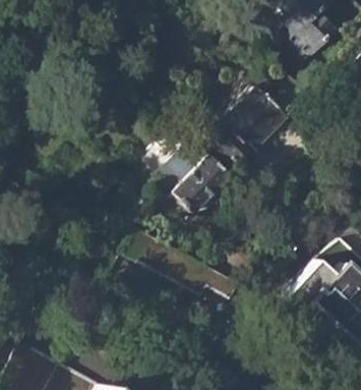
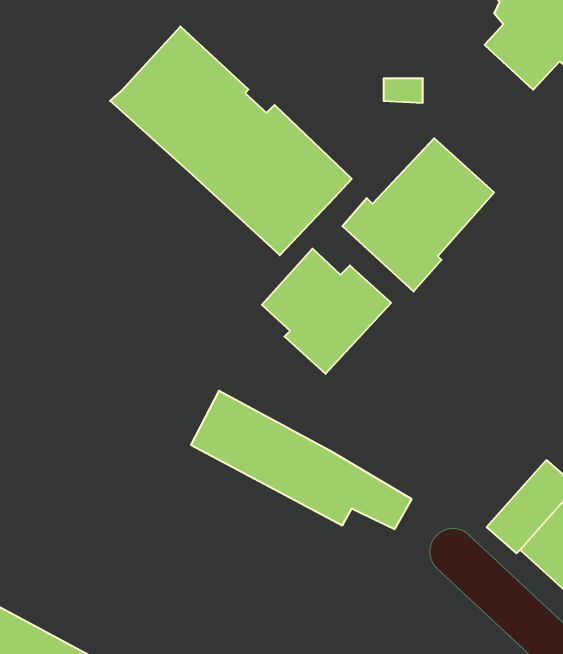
building: none -> [110,26,352,255]

